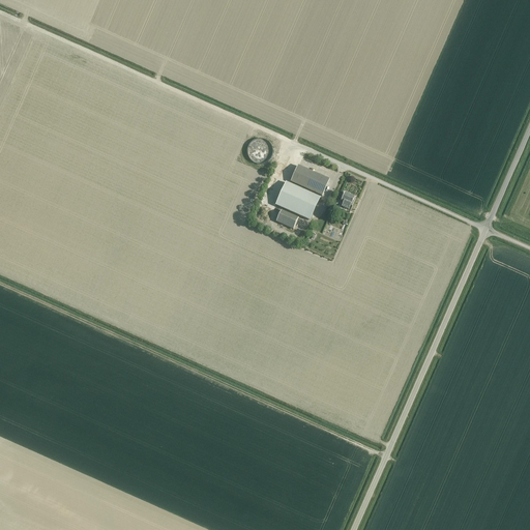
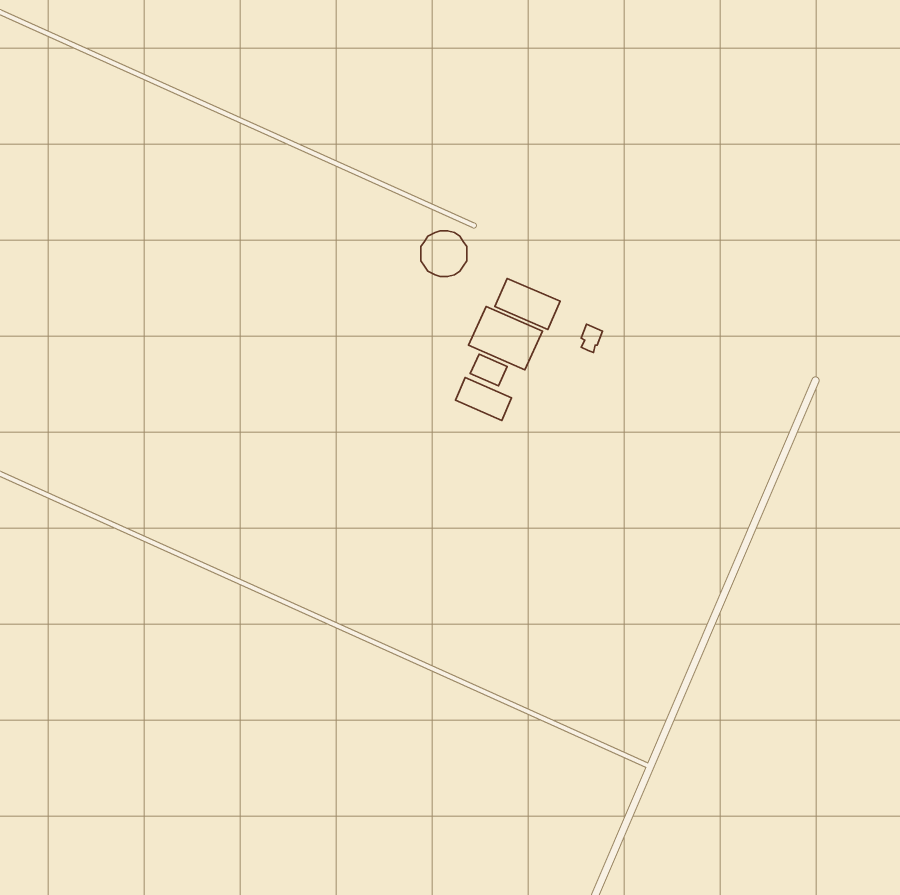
building: none -> [455,378,511,420]

